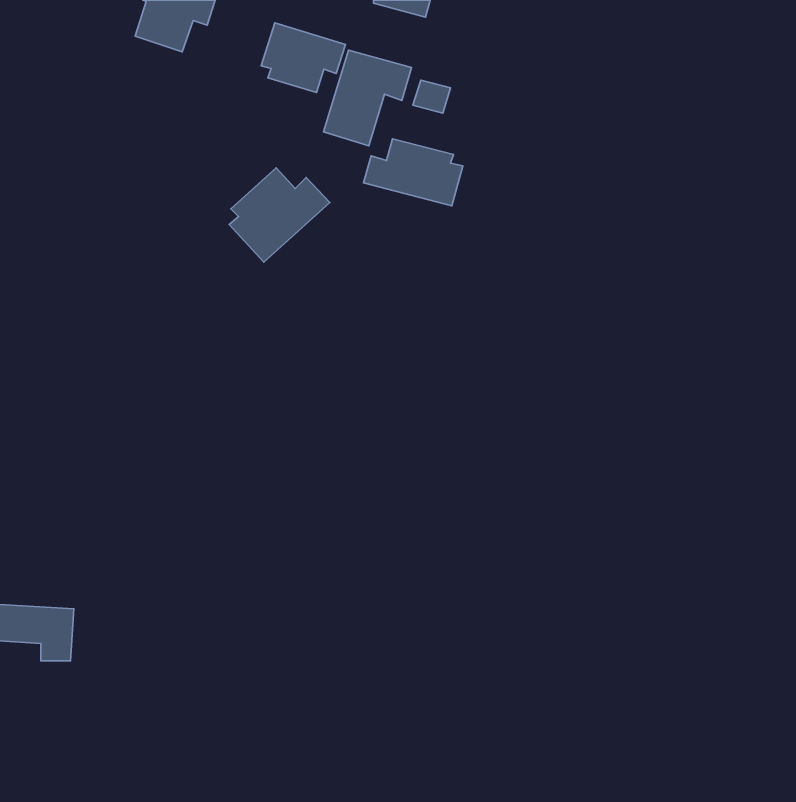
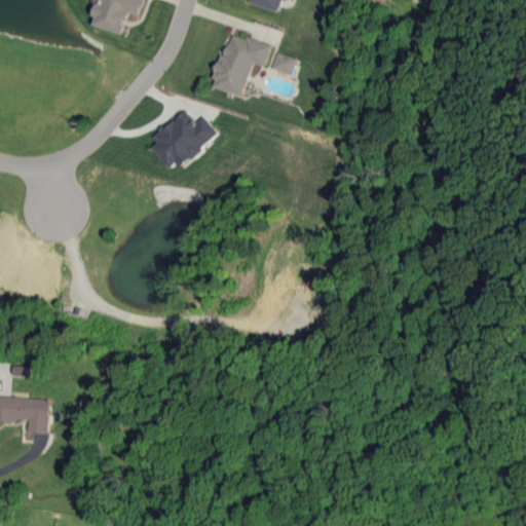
building: [261,23,345,92] -> none
building: [363,139,463,206] -> none

